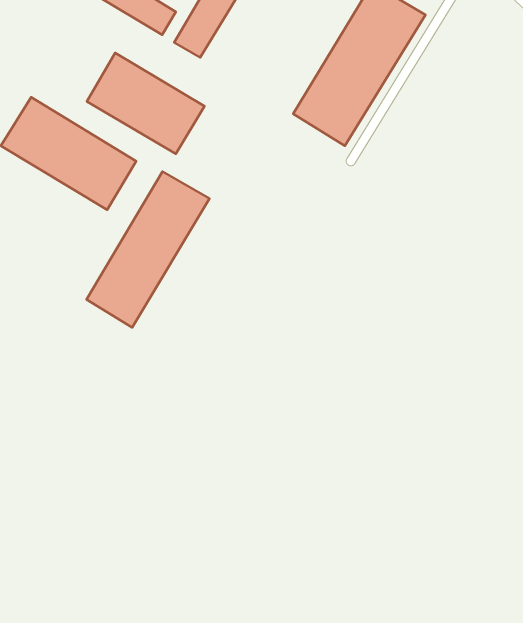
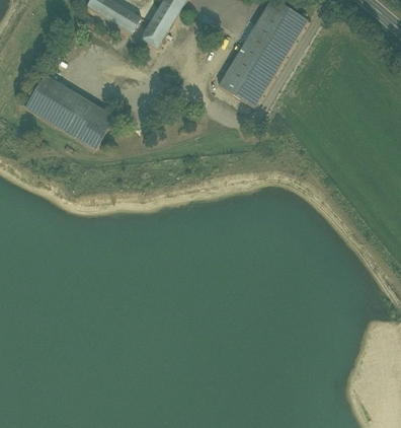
building: [87,53,205,154] -> none
building: [86,172,210,327] -> none

